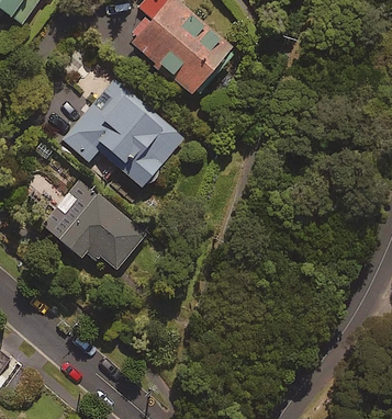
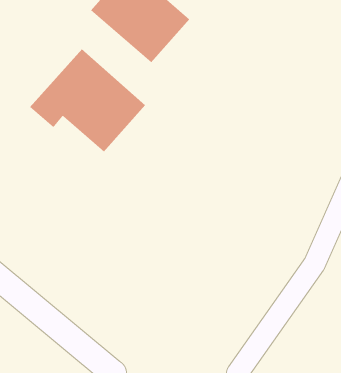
building: [41,179,146,270] -> none

